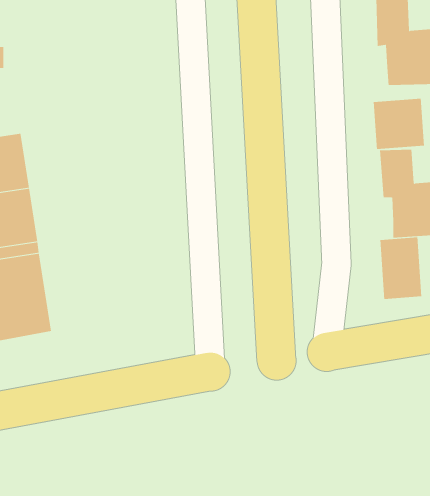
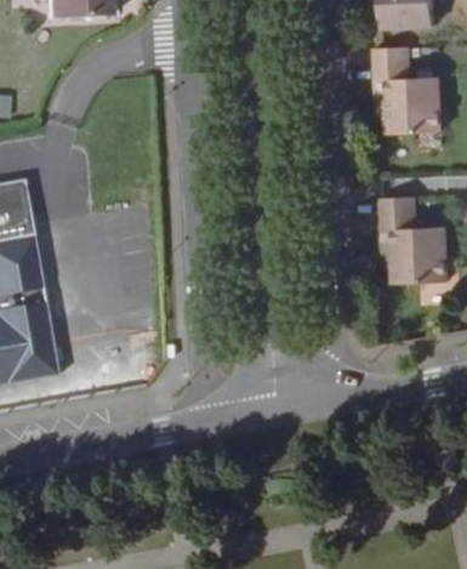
building: [373,98,424,150] -> none
building: [380,237,422,300] -> none

